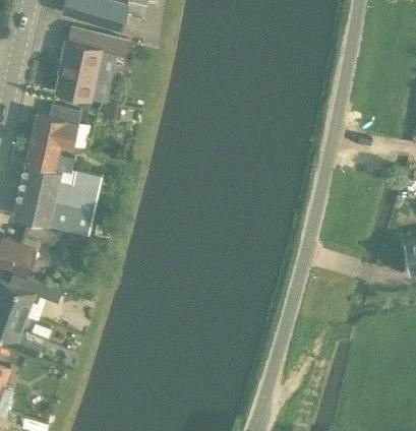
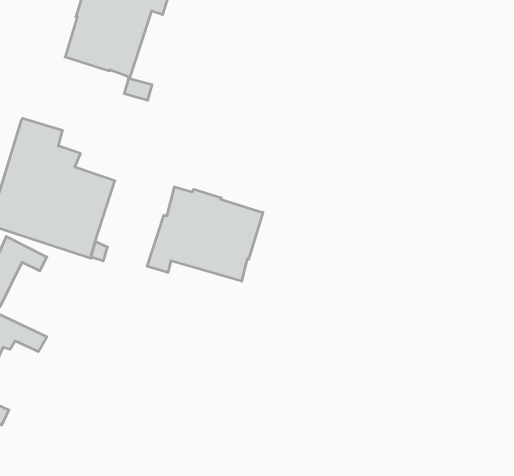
building: [31,104,78,145] -> none
building: none -> [147,187,263,281]

